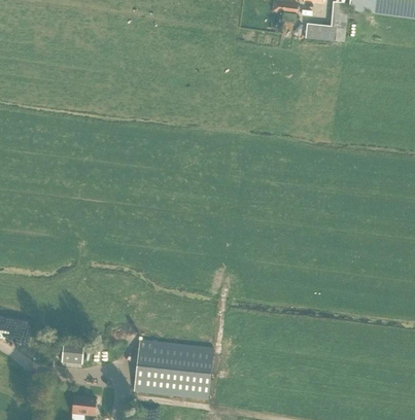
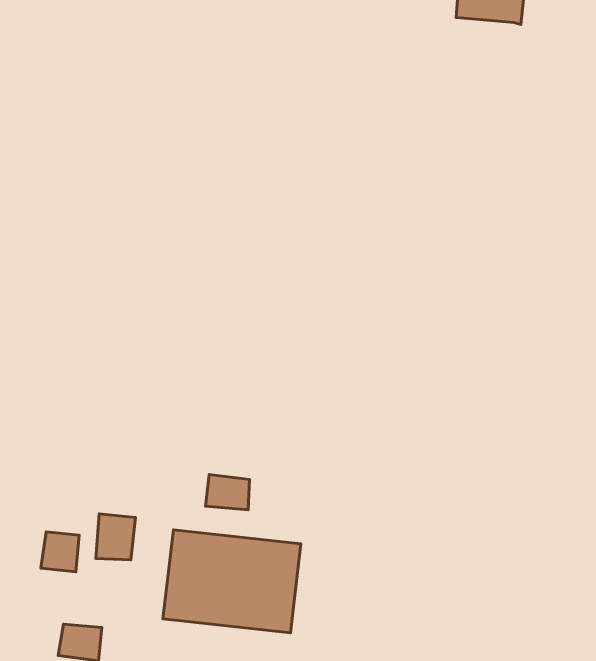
building: none -> [206,475,250,510]
building: none -> [96,514,136,560]

